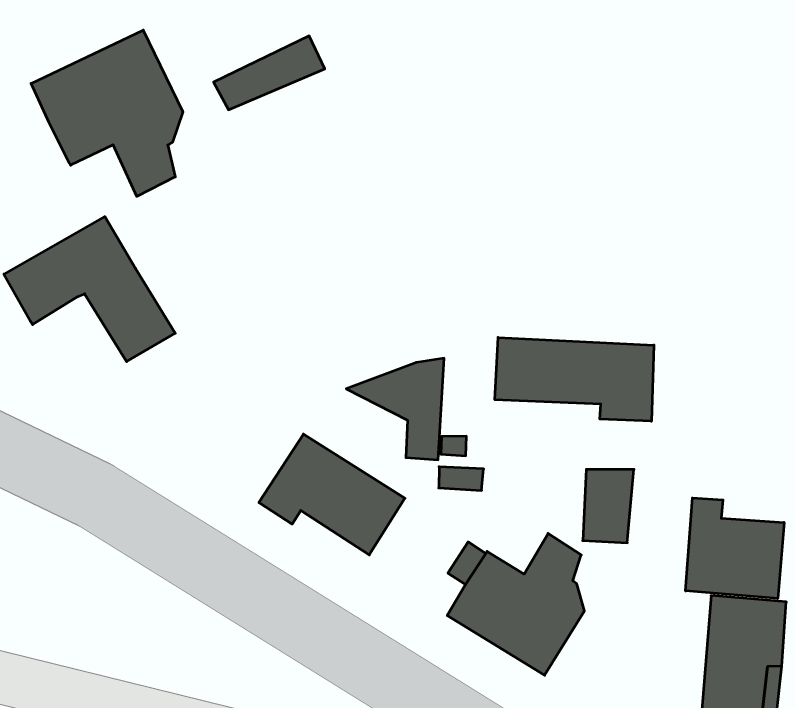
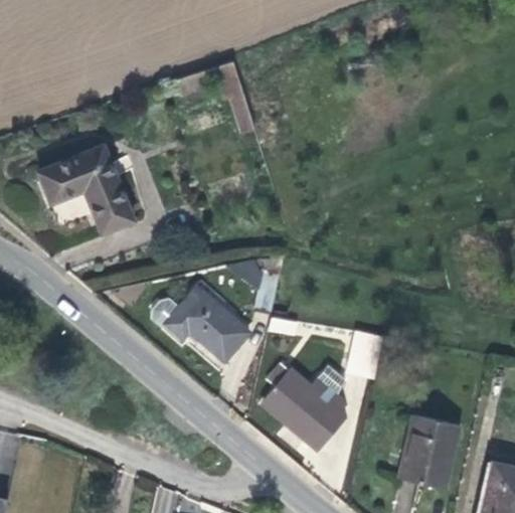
building: [31,30,183,196] -> none
building: [495,337,654,421] -> none
building: [686,498,784,598] -> none

